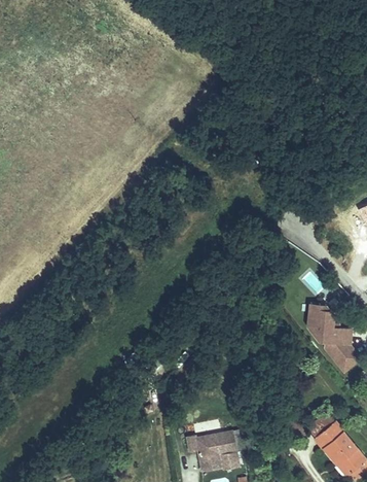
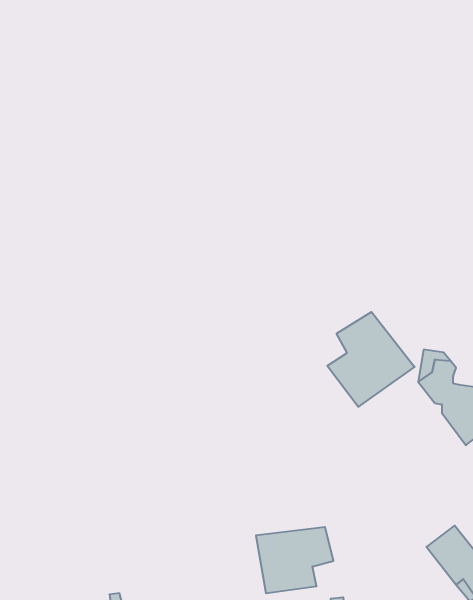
building: none -> [327,312,415,407]

